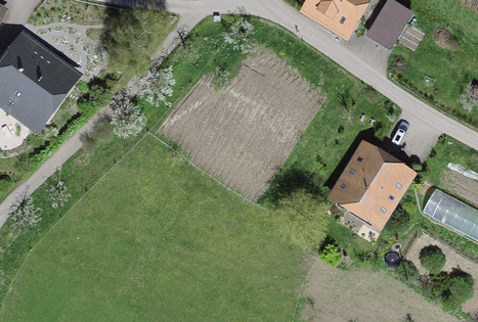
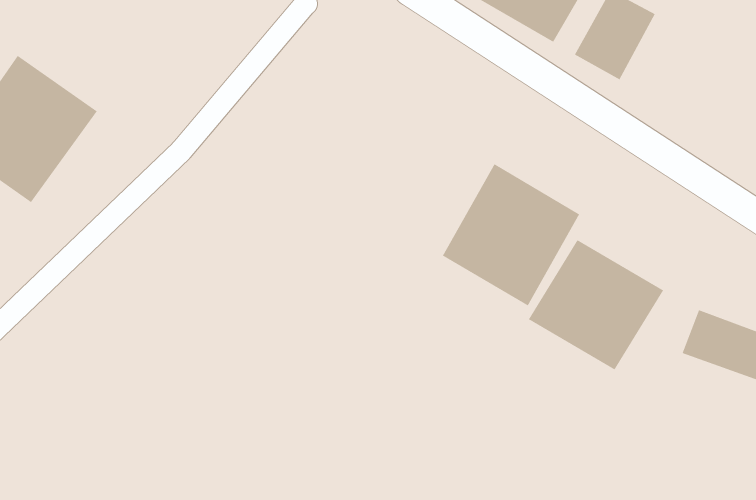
building: none -> [442,163,580,307]

